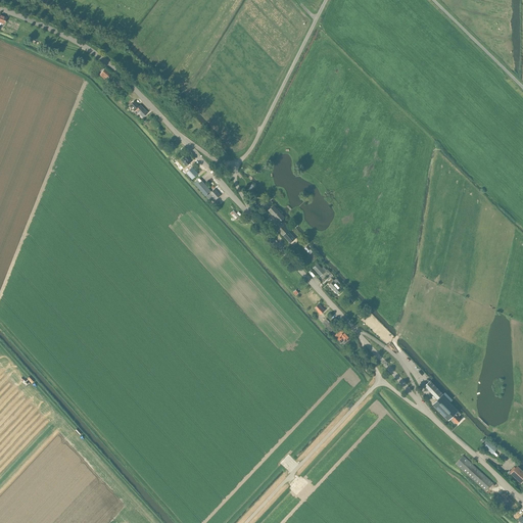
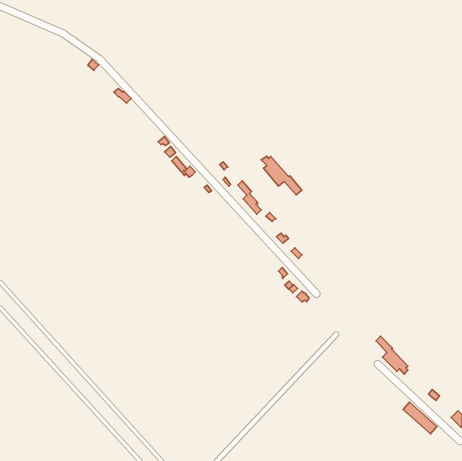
building: none -> [261,156,302,195]

